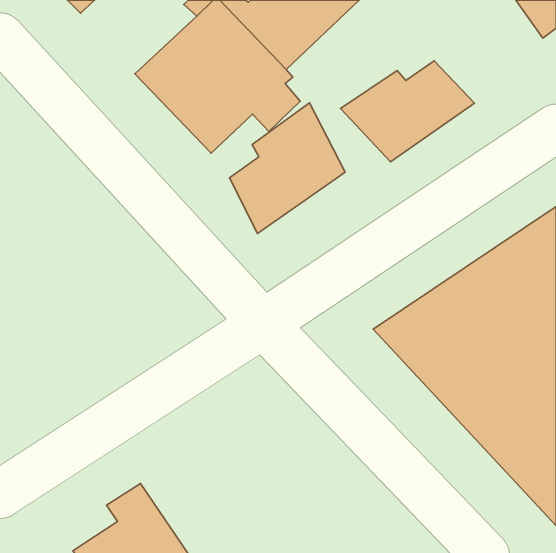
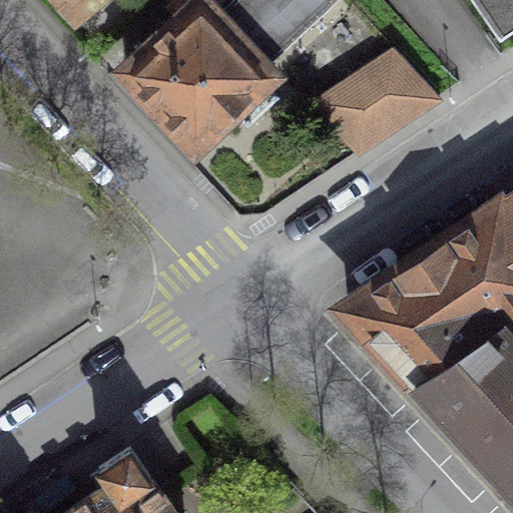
building: [229,103,345,233] -> none

